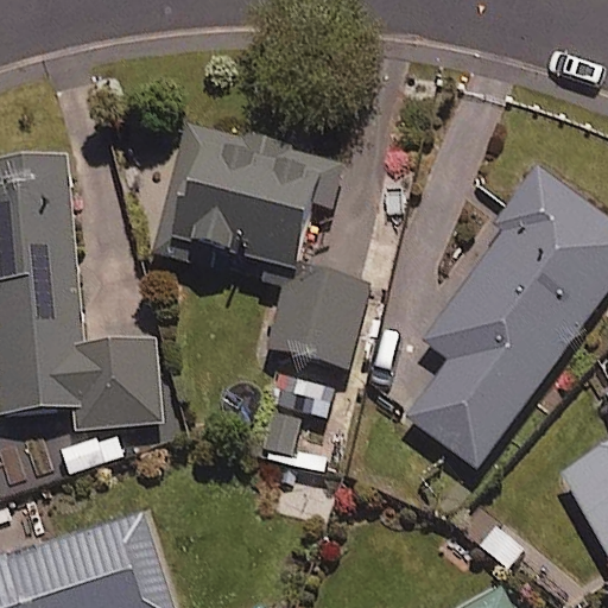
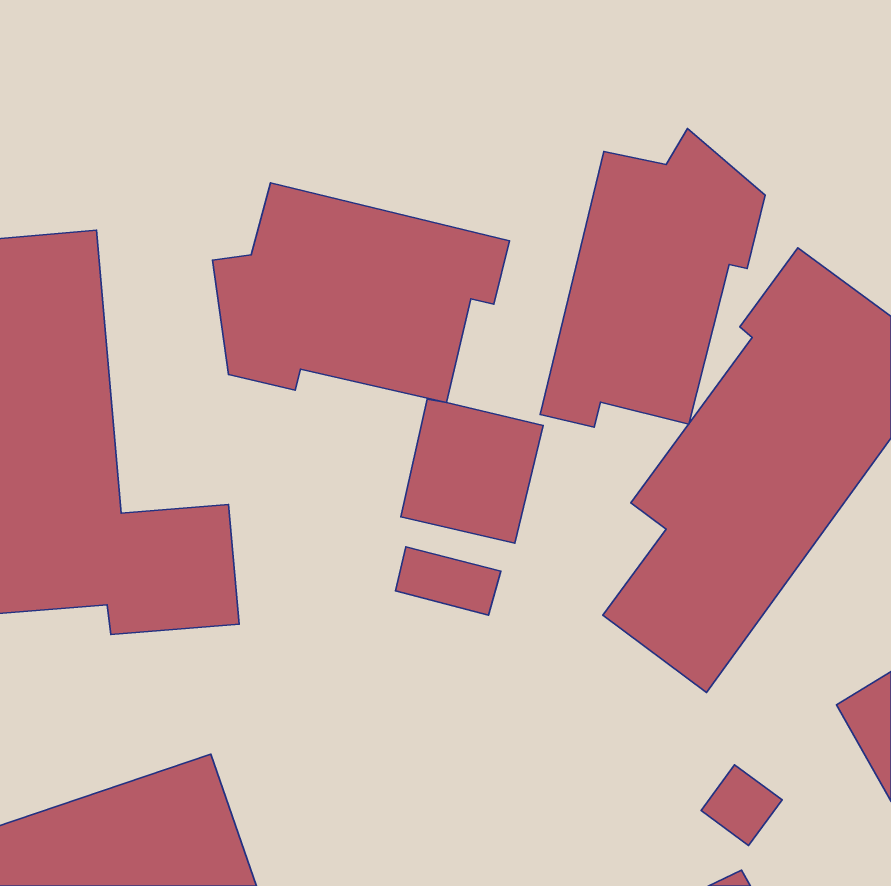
building: none -> [540,128,765,427]

